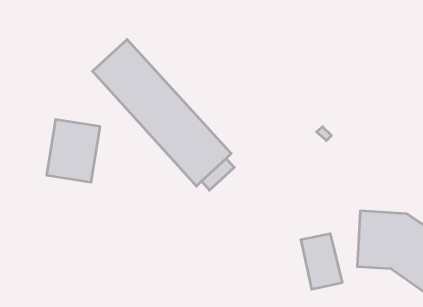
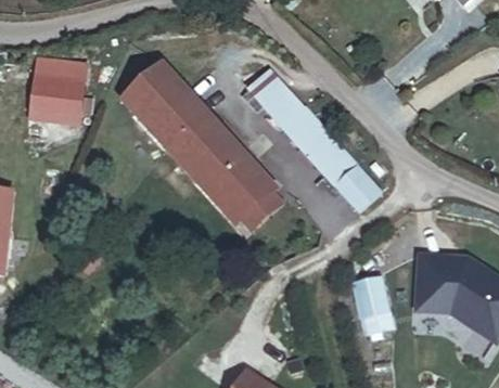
building: none -> [248,70,380,208]
building: [47,120,100,182] -> [27,56,86,125]

